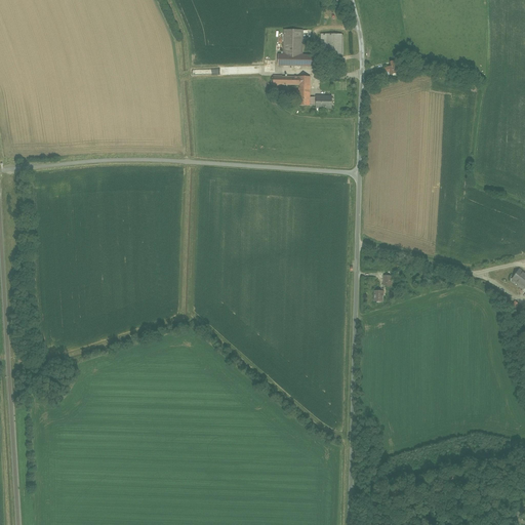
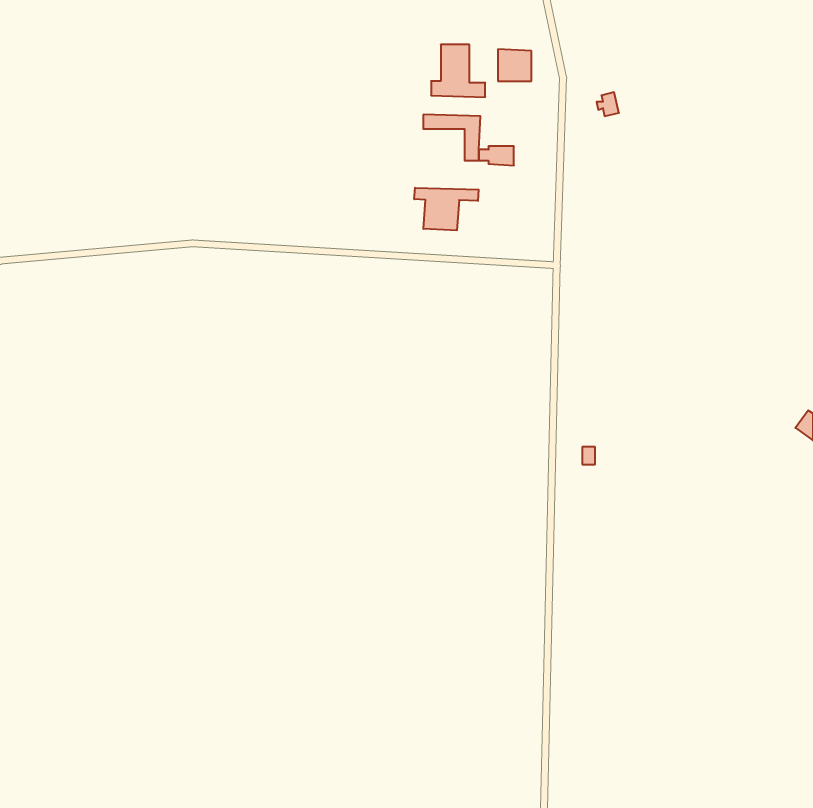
building: none -> [414,188,479,230]

